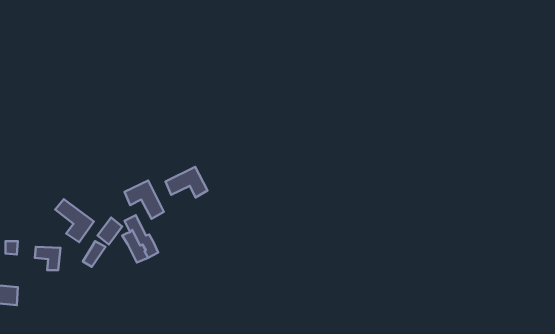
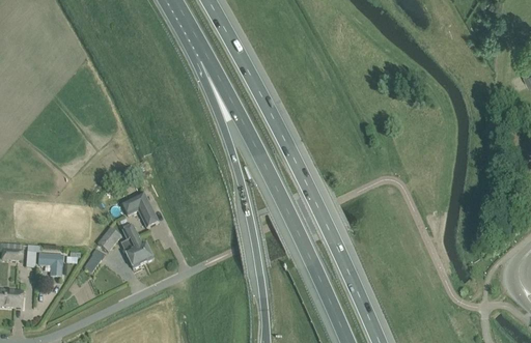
building: [165,167,207,197] -> none
building: [55,199,94,242] -> none

